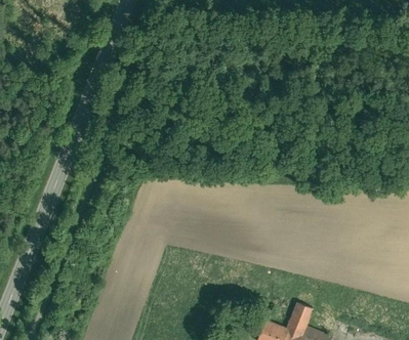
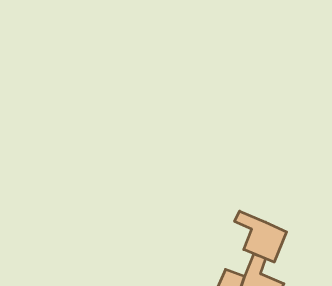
building: none -> [235,211,287,262]

